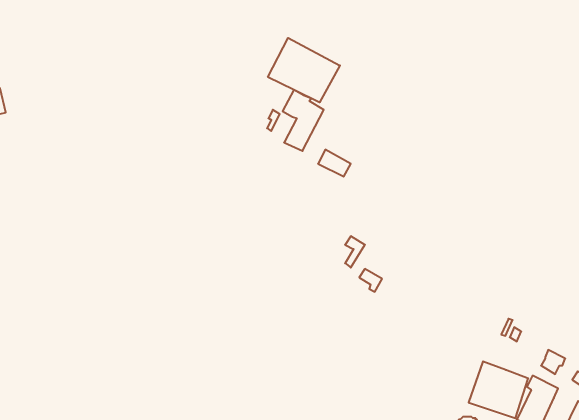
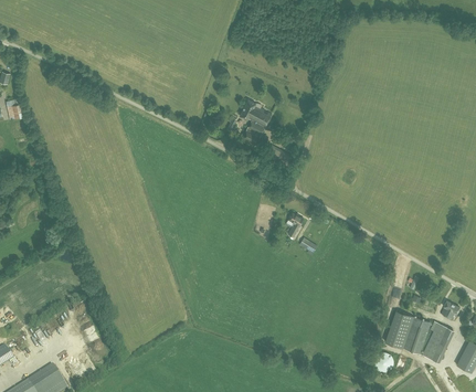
building: [268,38,340,102] -> none

